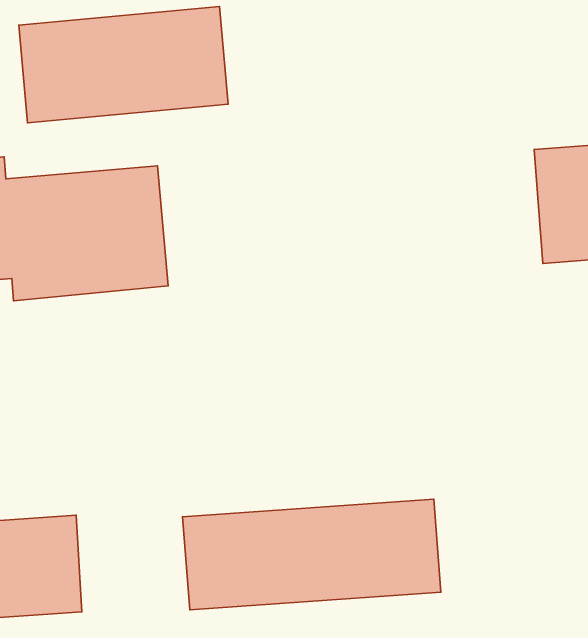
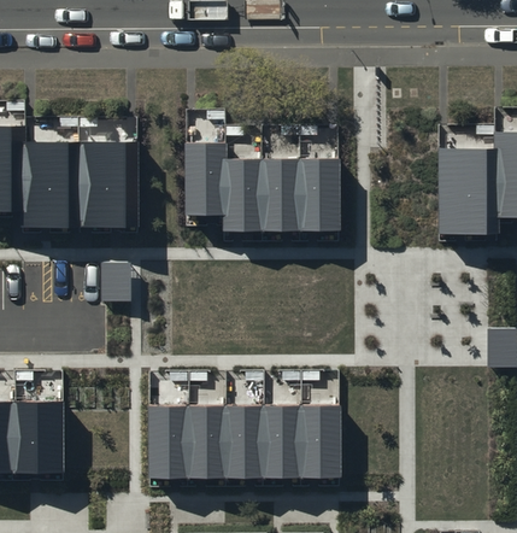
building: [19,7,228,123] -> none
building: none -> [183,141,337,235]

